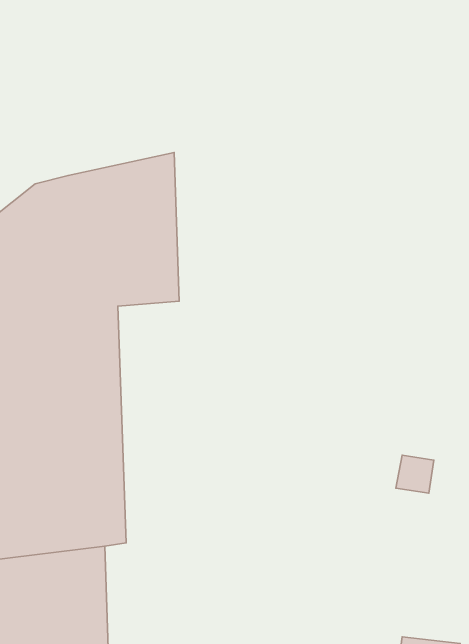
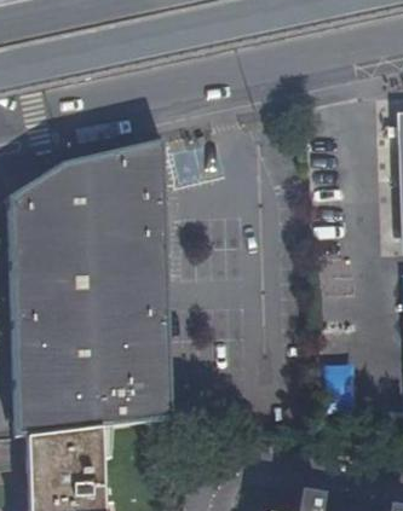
building: none -> [122,246,173,423]

